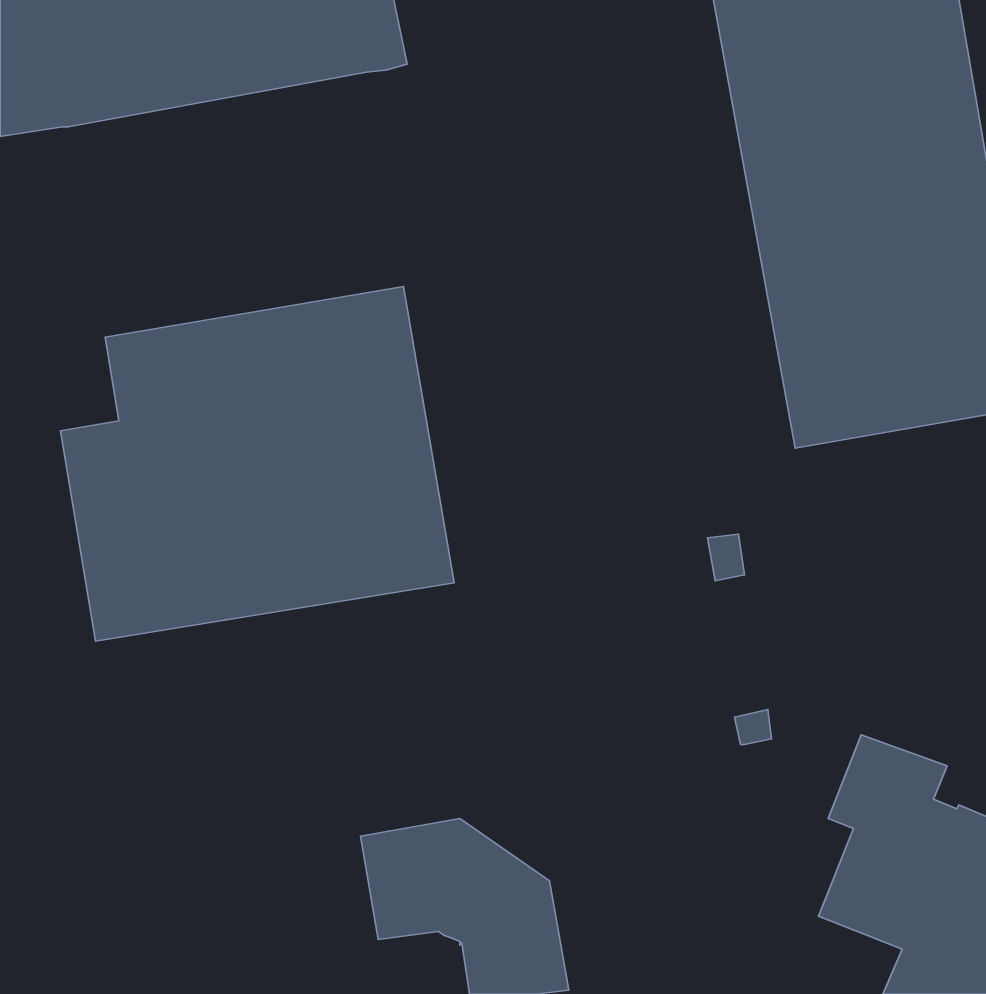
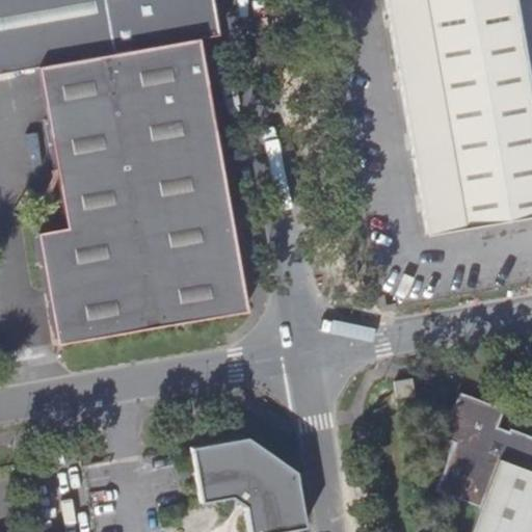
building: none -> [42,38,220,180]

